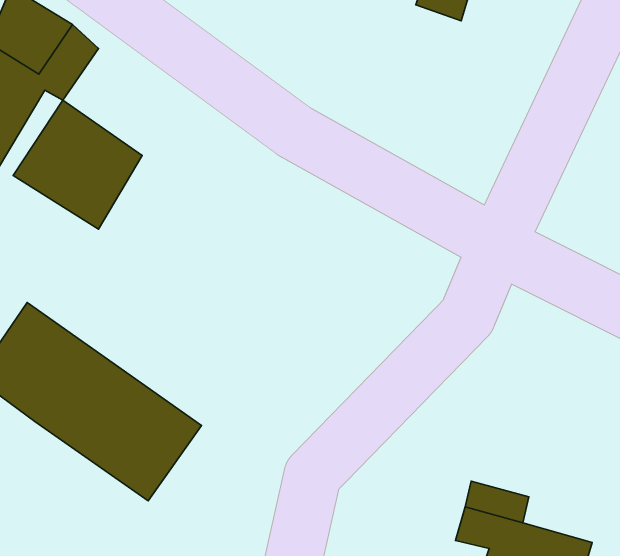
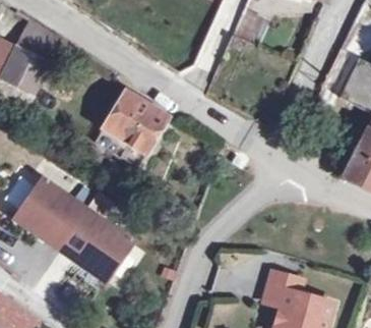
building: [13,100,142,229] -> [94,96,160,162]

